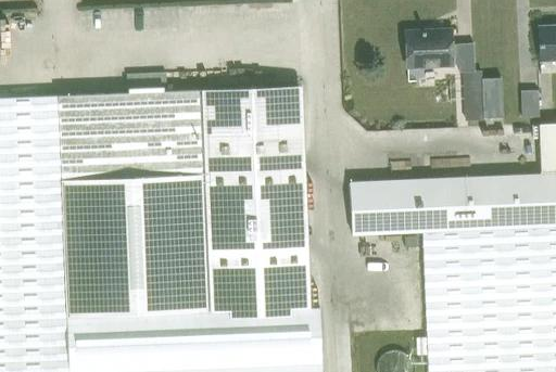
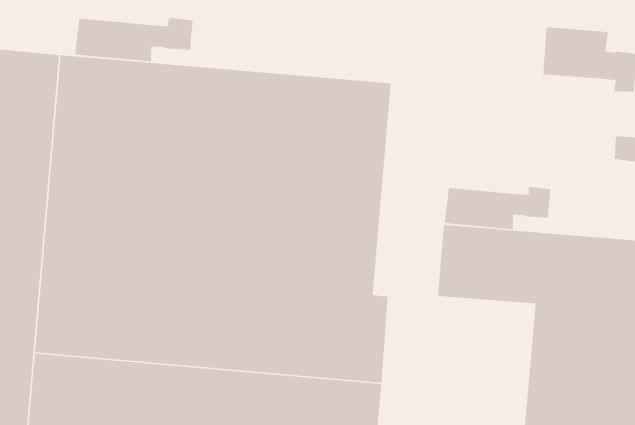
building: none -> [74,18,194,62]
building: none -> [444,186,551,230]

